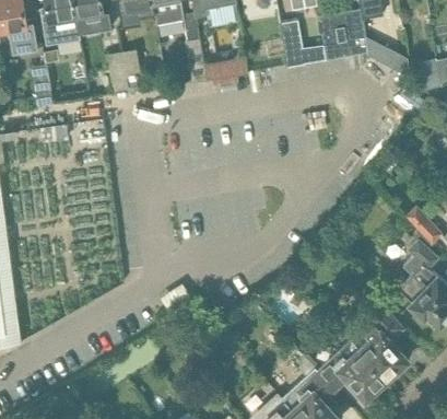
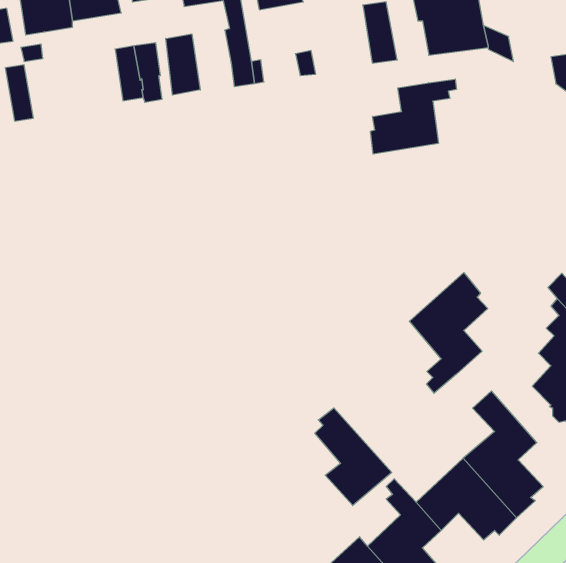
building: none -> [166,34,200,95]
building: none -> [371,79,456,154]
building: none -> [409,273,488,393]
building: none -> [315,408,392,506]

